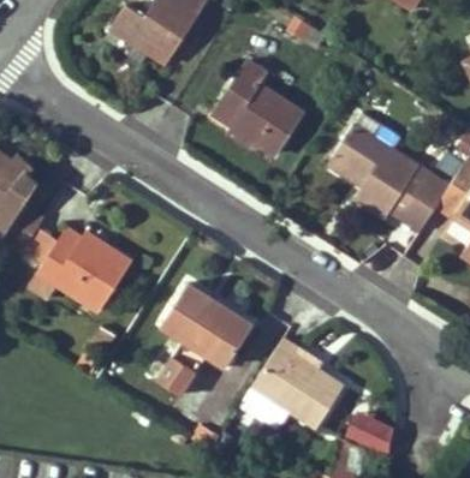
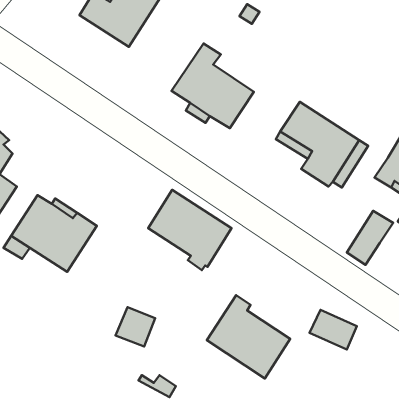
building: [399,174,450,233] -> [347,211,393,265]
building: [161,283,252,371] -> [148,190,232,270]
building: [343,407,394,450] -> [310,310,357,349]

